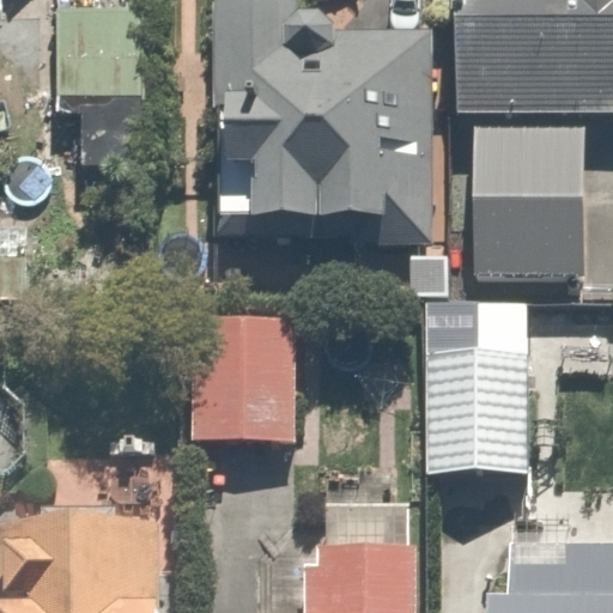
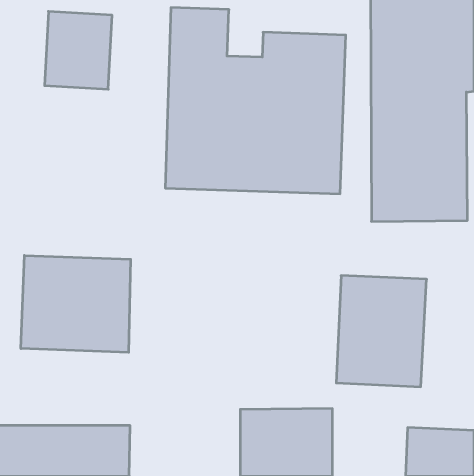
building: [195,310,302,448] -> none
building: none -> [21,255,131,352]

